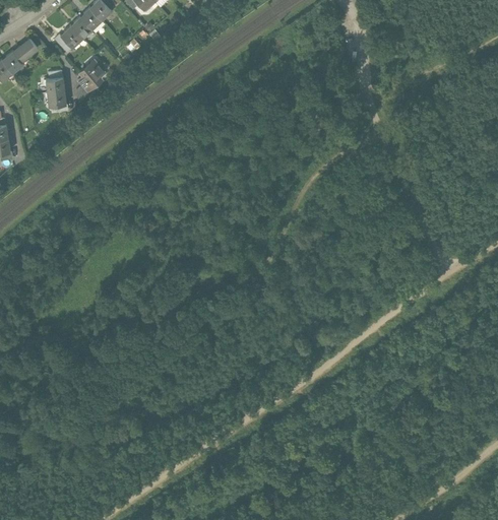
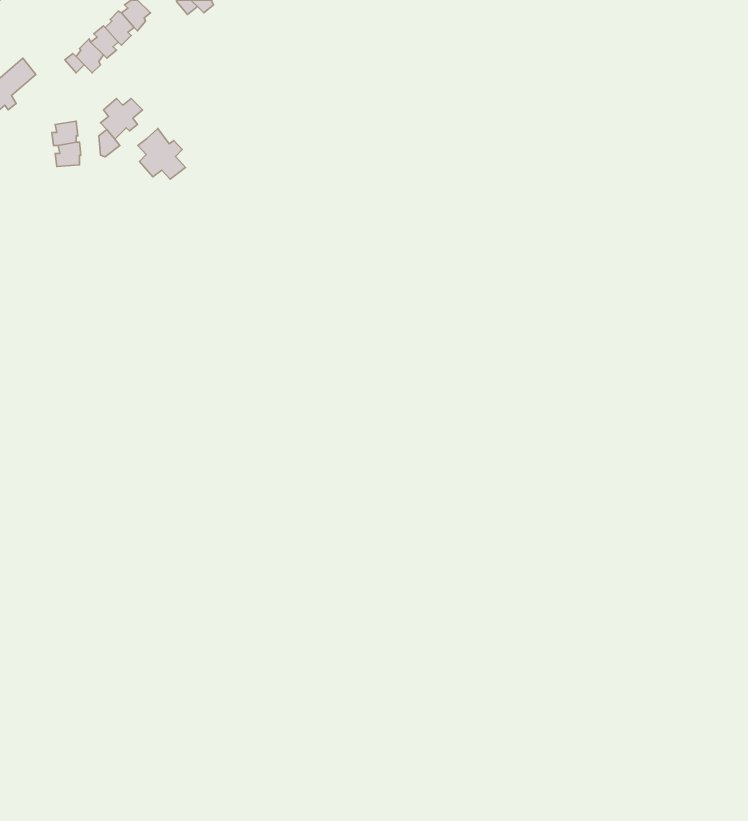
building: none -> [138,129,186,179]

